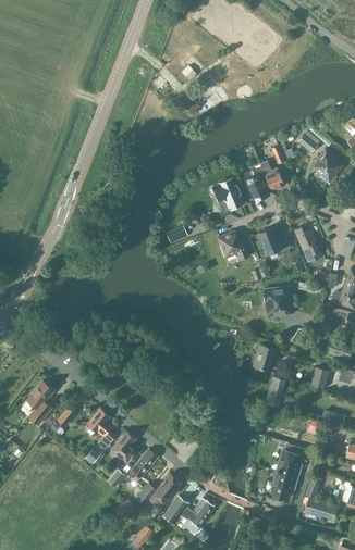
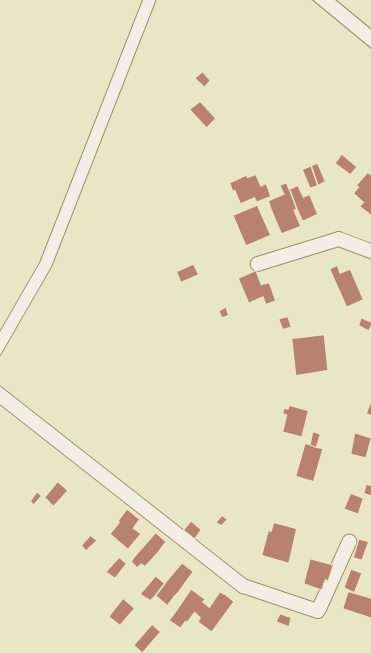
building: none -> [230,174,271,204]
building: [260,227,291,254] -> none
building: [27,380,54,424] -> none
building: [87,410,115,448] -> none
building: [274,442,304,476] -> [262,522,297,563]

